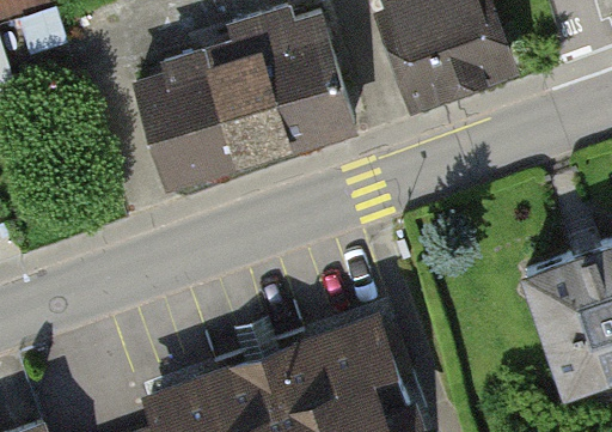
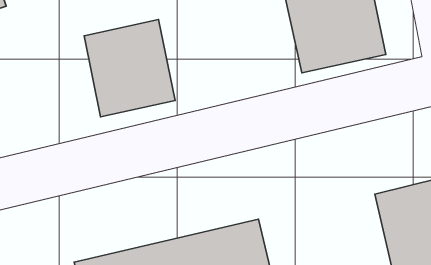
building: [221,37,348,169] -> none

